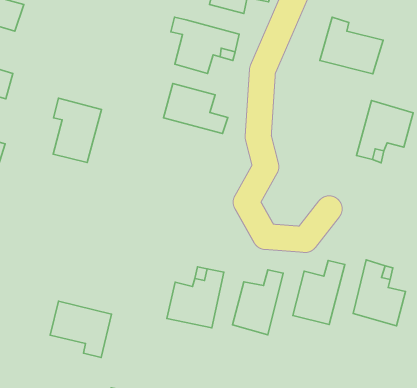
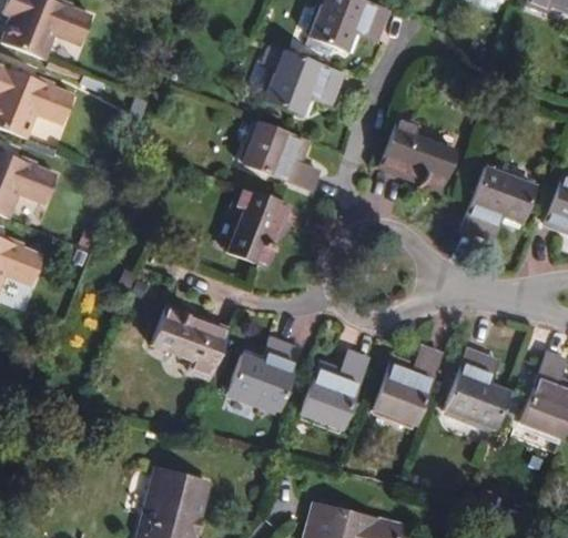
building: [320,17,383,74] -> [379,118,455,187]
building: [53,98,102,162] -> [227,187,288,265]
building: [50,301,111,357] -> [152,306,225,376]

